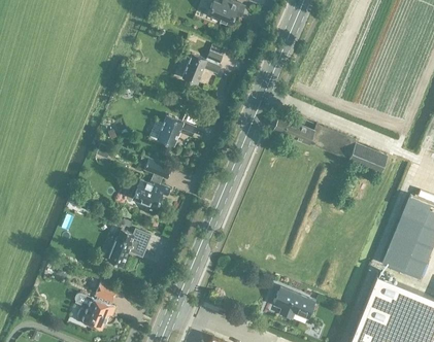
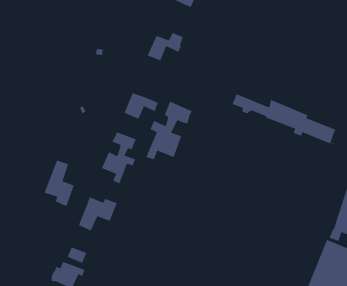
building: none -> [145,101,193,160]
building: none -> [44,160,75,207]
building: [273,289,314,319] -> none

